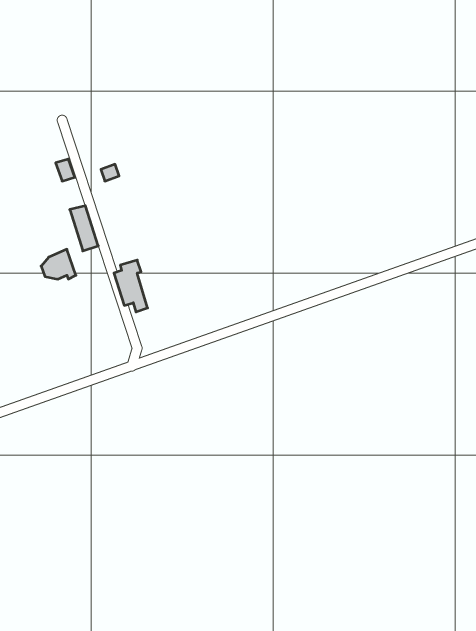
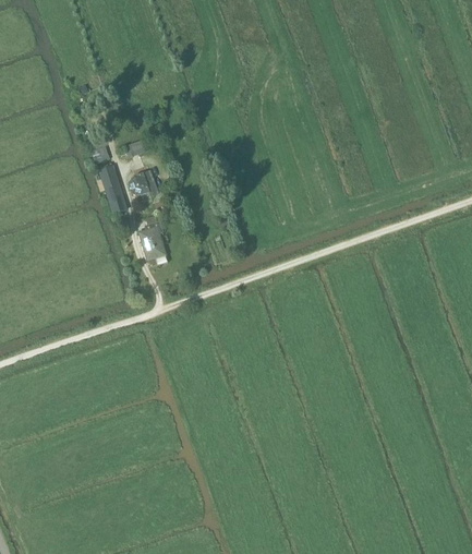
building: [41,249,76,279] -> [128,169,157,194]

